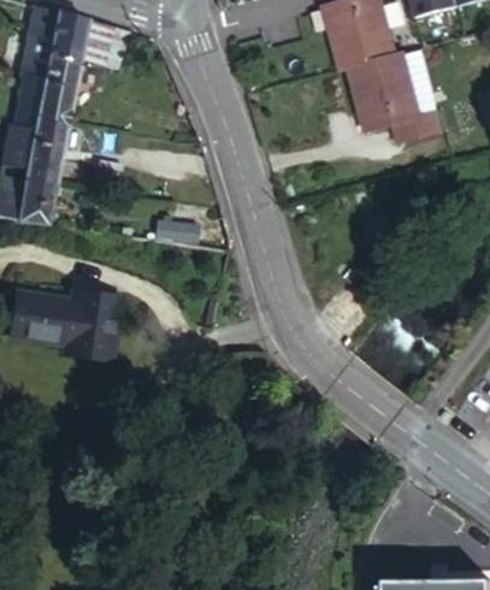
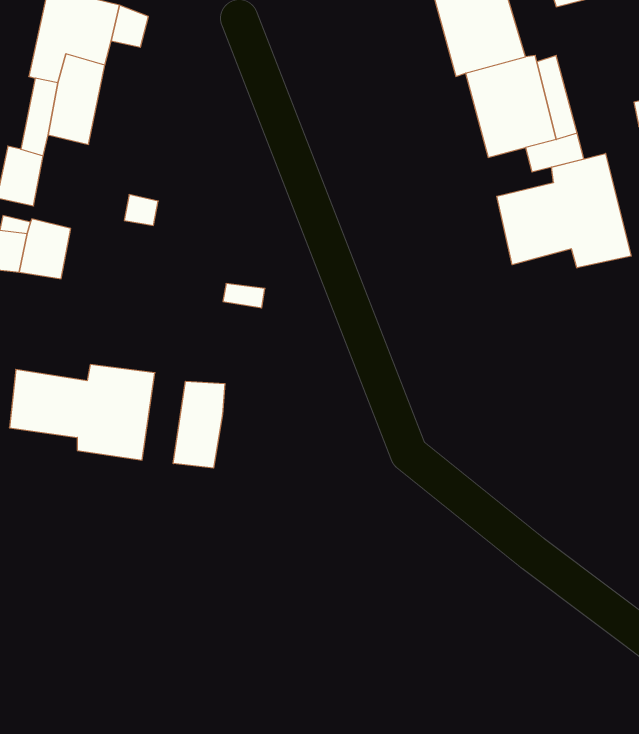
building: [25,116,67,185] -> none
building: none -> [497,153,631,268]
building: none -> [173,381,225,468]

